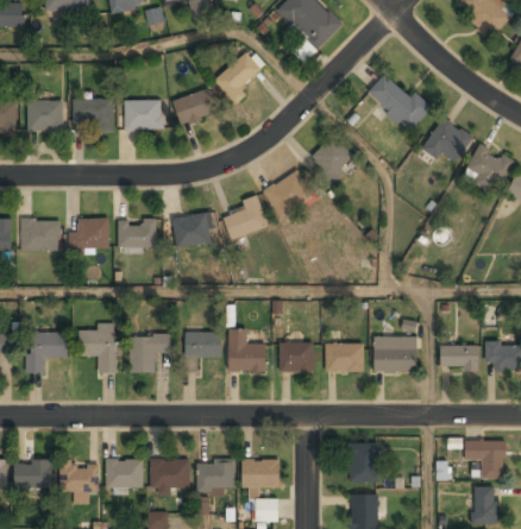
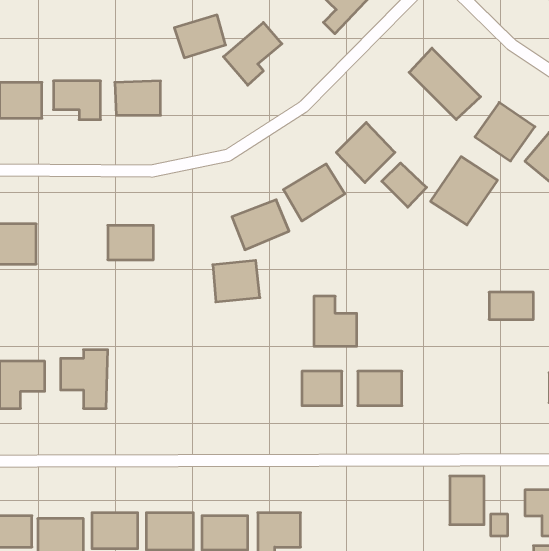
building: [172,88,215,124] -> [174,15,226,58]
building: none -> [431,157,497,225]
building: none -> [382,163,427,207]
building: [172,213,212,247] -> [213,260,260,302]
building: [69,219,108,250] -> none
building: [230,329,265,371] -> [314,296,357,346]
building: [184,332,221,358] -> none
building: [130,335,170,373] -> none
building: [375,336,416,370] -> none
building: [440,346,477,369] -> [489,292,533,319]
building: [350,441,378,481] -> [450,476,484,525]

